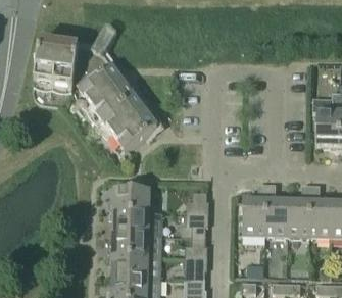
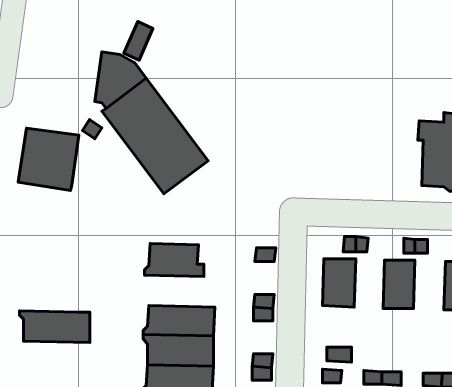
building: [33,41,78,87] -> [18,128,79,190]
building: [264,199,287,236] -> none
building: [308,200,332,237] -> none
building: [109,211,161,235] -> [20,311,90,343]

